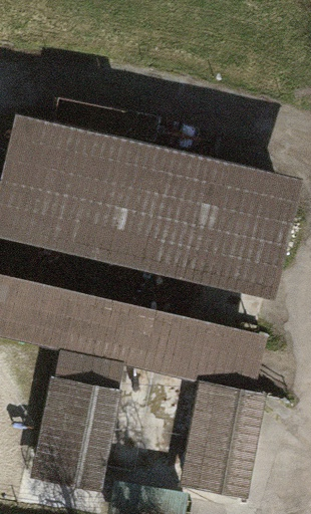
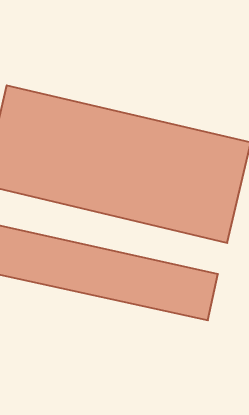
building: [23,376,120,488] -> none
building: [176,390,263,497] -> none

